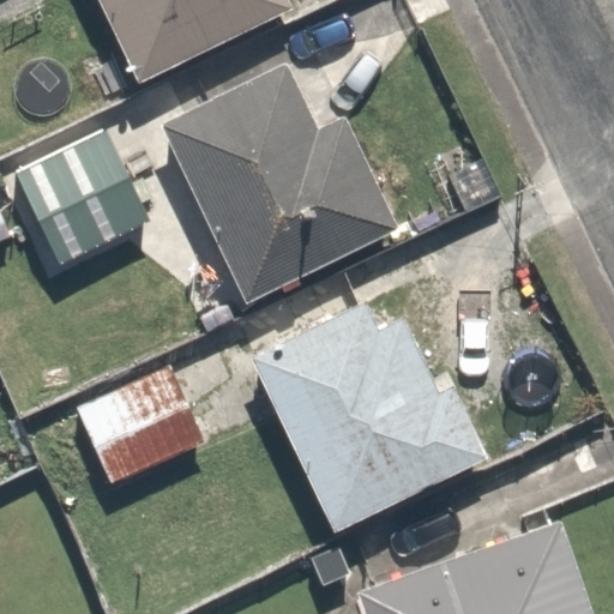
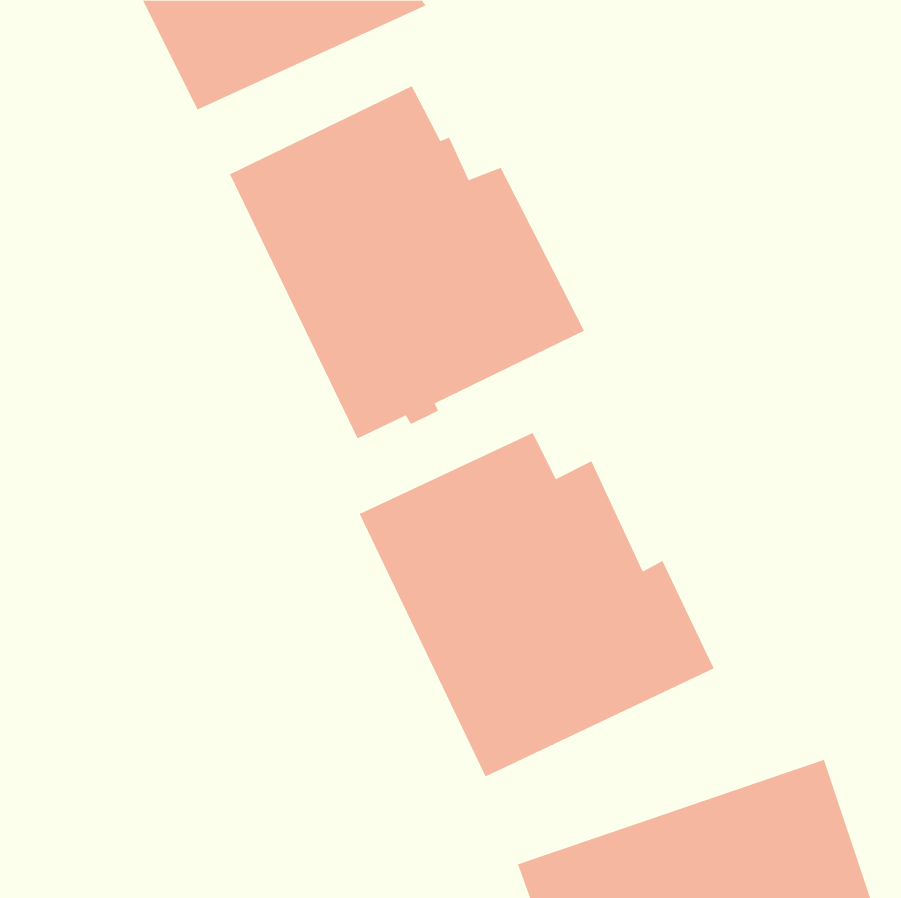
building: [29,113,151,227] -> none
building: [77,368,205,487] -> none

